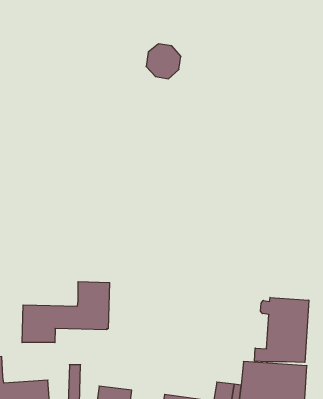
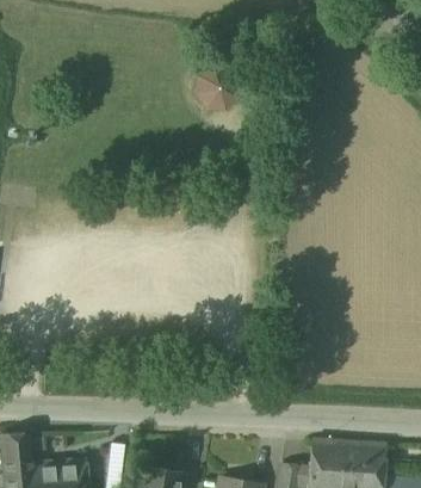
building: [22,282,110,343] -> none
building: [255,297,309,362] -> none

